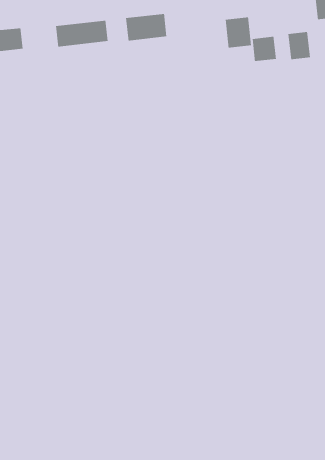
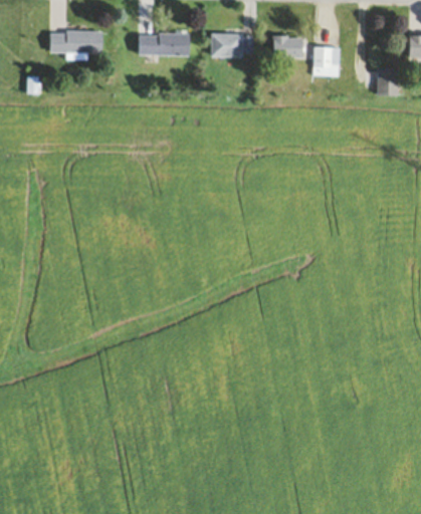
building: none -> [272,35,304,57]
building: [252,36,277,62] -> none

